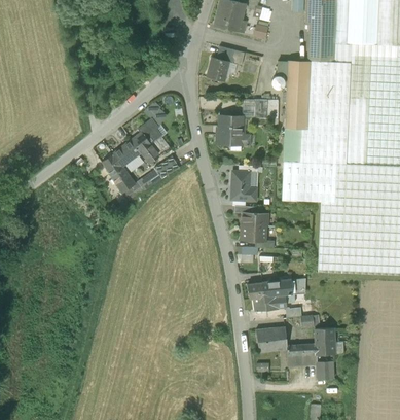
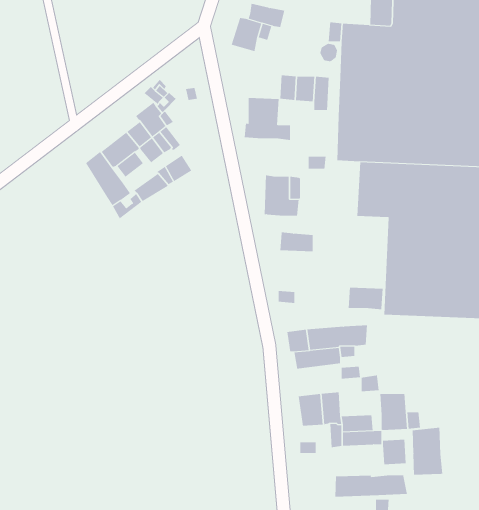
building: [282,160,300,200] -> none
building: [242,224,267,241] -> [348,287,384,310]
building: none -> [412,427,443,476]
building: none -> [335,475,408,497]

